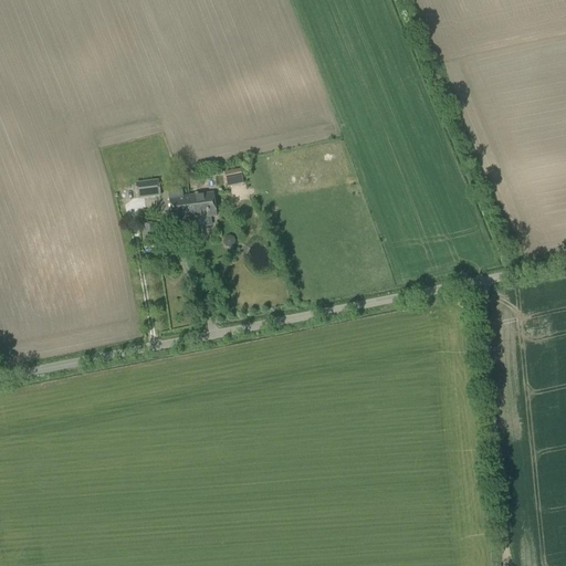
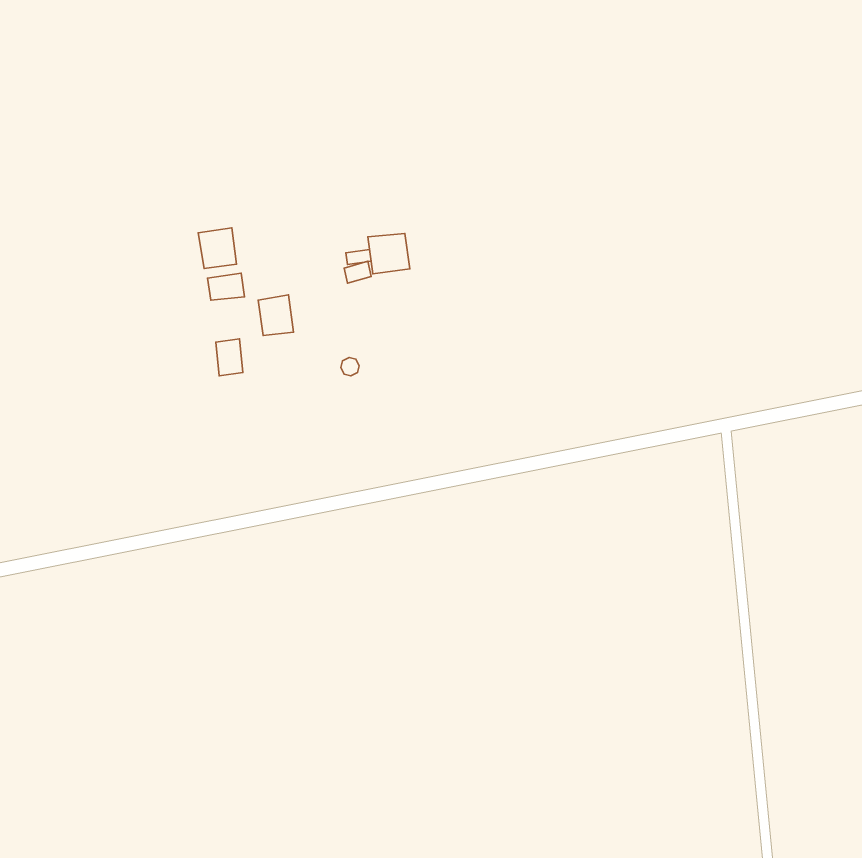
building: none -> [198,228,237,269]
building: [189,191,217,218] -> [368,234,410,274]

